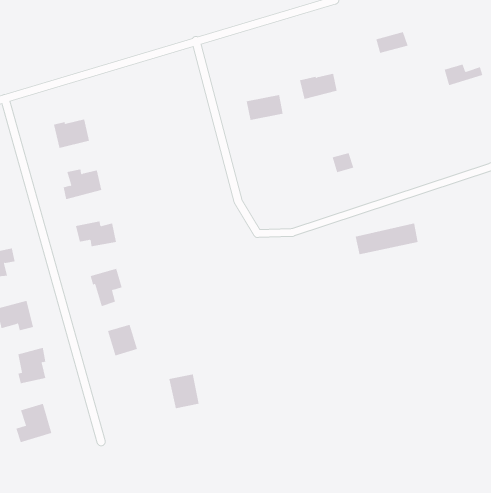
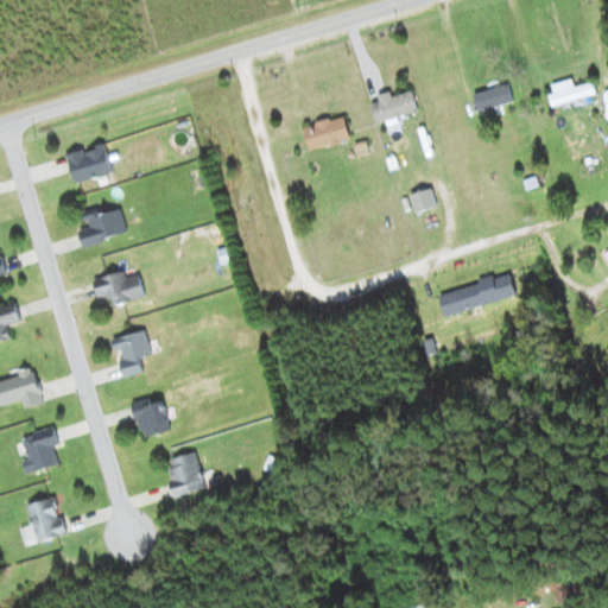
building: [376,31,408,54] -> [471,83,512,110]
building: [168,374,199,409] -> [165,452,203,495]

